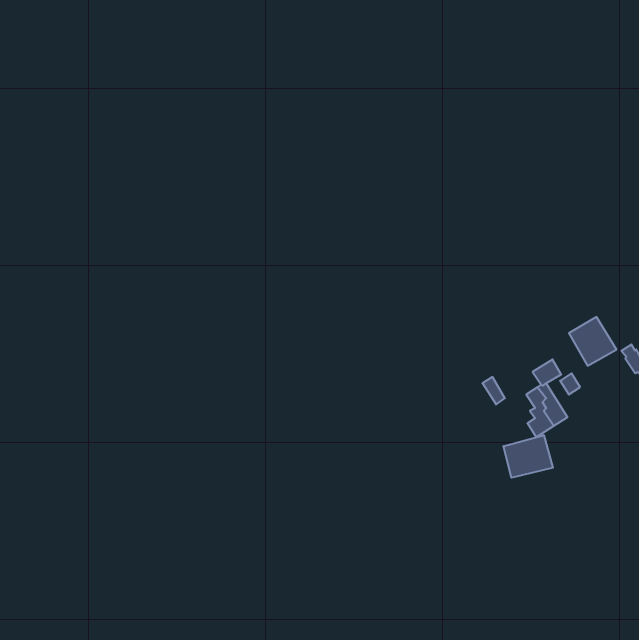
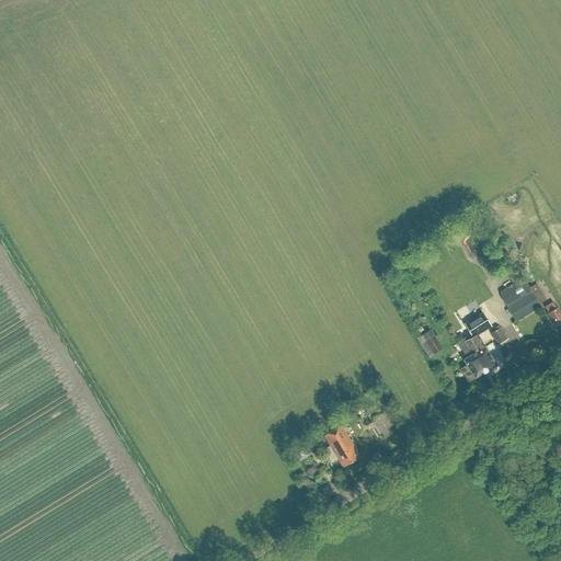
building: [503,435,553,478] -> none
building: none -> [327,426,362,467]

